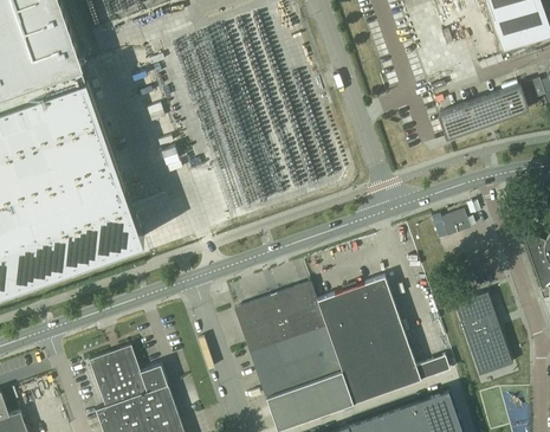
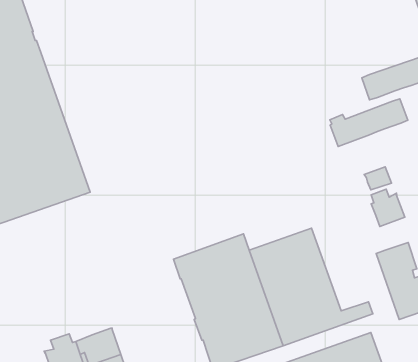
building: none -> [330,99,408,146]
building: none -> [371,189,405,226]
building: [90,346,168,400] -> none

